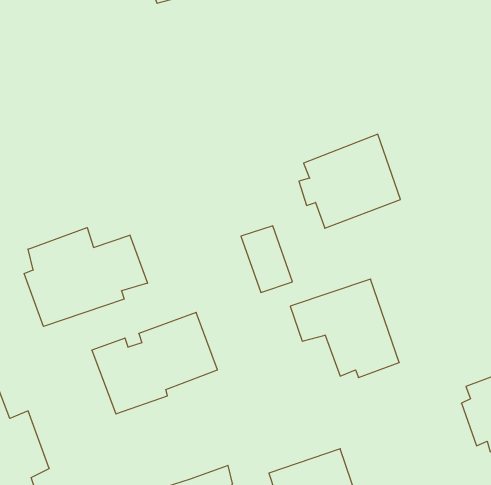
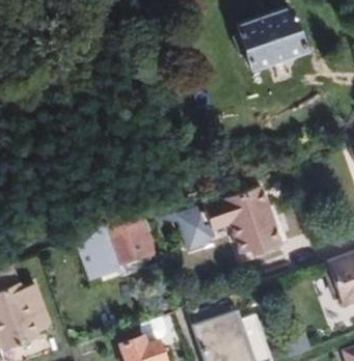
building: [299,134,400,228] -> [234,6,303,71]
building: [241,226,292,292] -> [179,205,214,251]
building: [24,228,147,326] -> none

